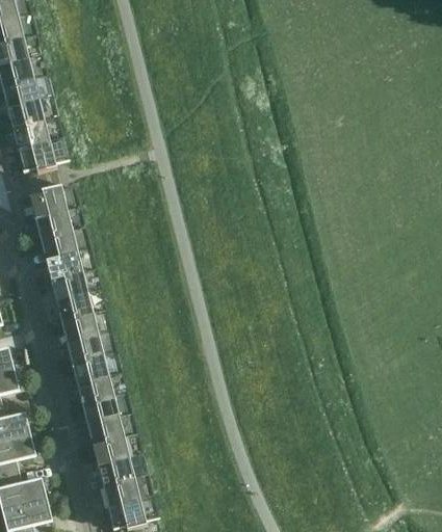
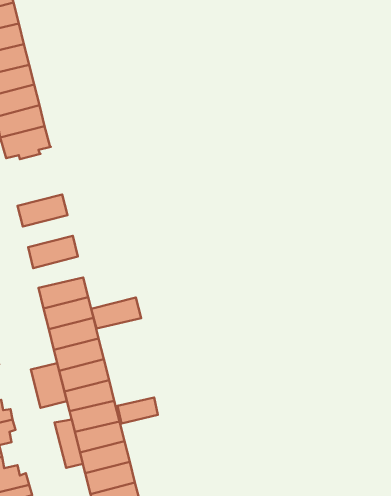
building: [29,185,79,219] -> none
building: [40,229,89,261] -> none
building: [50,270,100,301] -> [91,297,141,328]
building: none -> [31,363,67,408]
building: none -> [118,397,158,423]
building: none -> [55,420,83,468]

